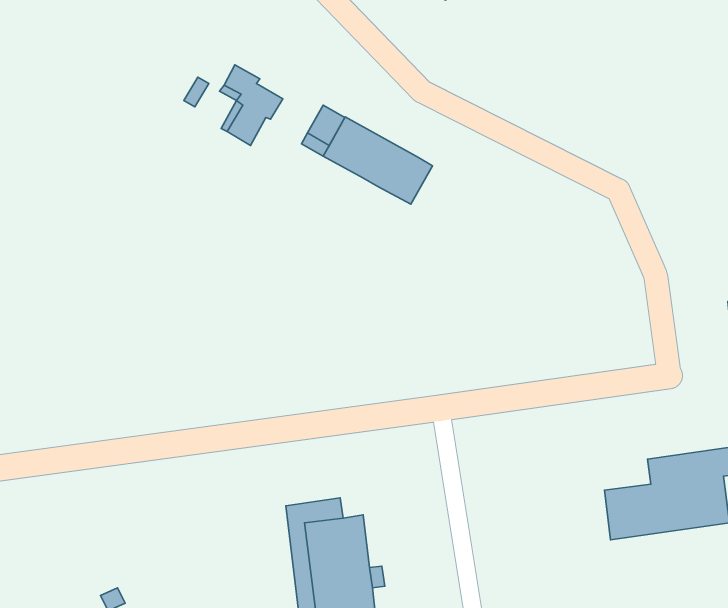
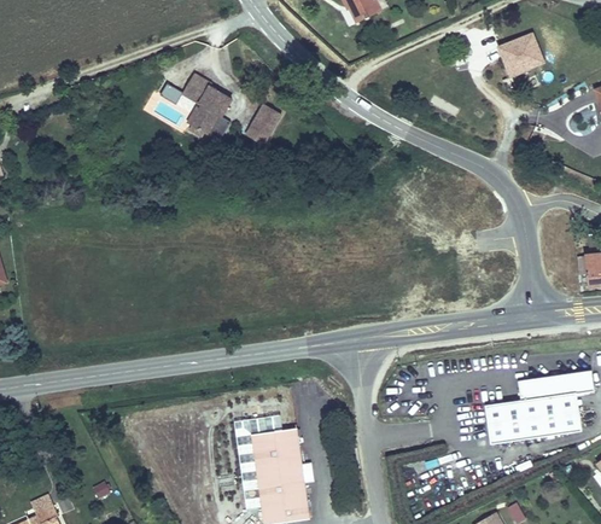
building: none -> [498,31,545,76]
building: [323,117,432,204] -> none

